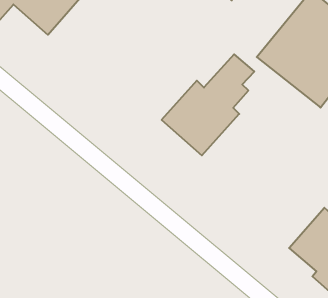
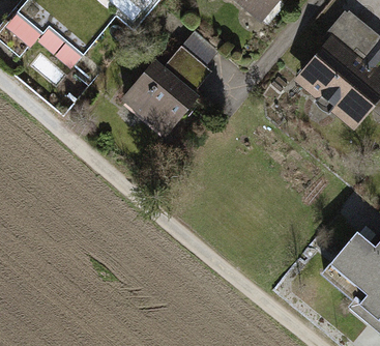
building: [162,54,254,155] -> [118,34,213,138]

